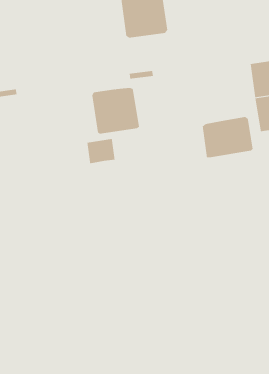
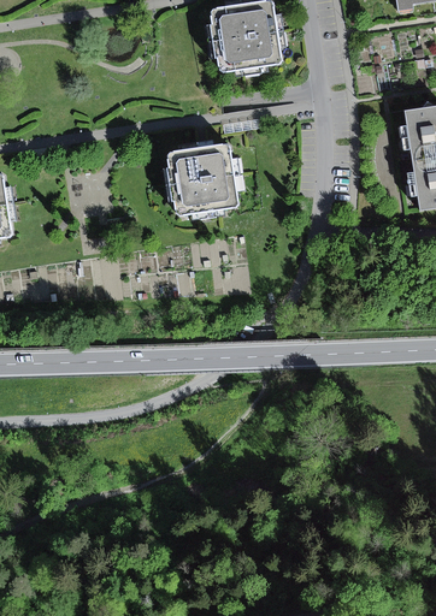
building: [202,116,253,158] -> none
building: [87,138,115,164] -> none

